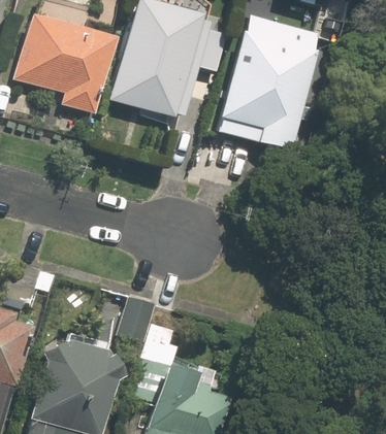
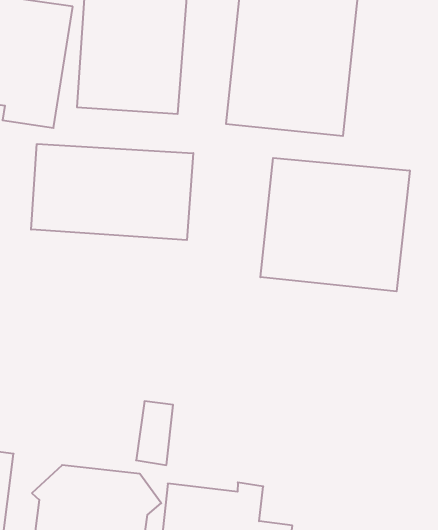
building: none -> [31,144,193,240]
building: none -> [260,158,410,291]

